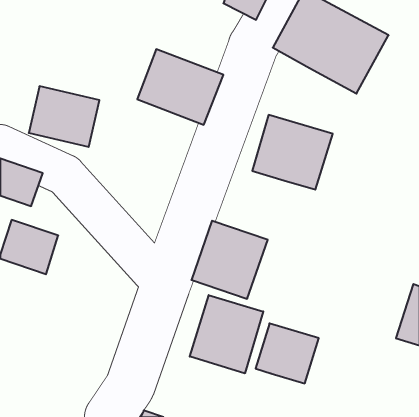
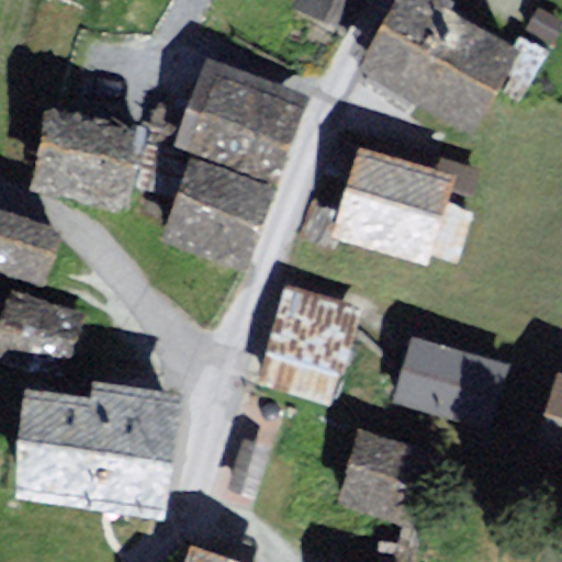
building: none -> [168,161,263,257]
building: none -> [397,340,504,419]
building: none -> [21,383,171,507]
building: [190,295,263,373] -> none

